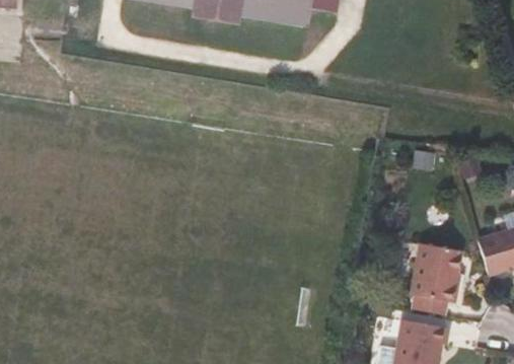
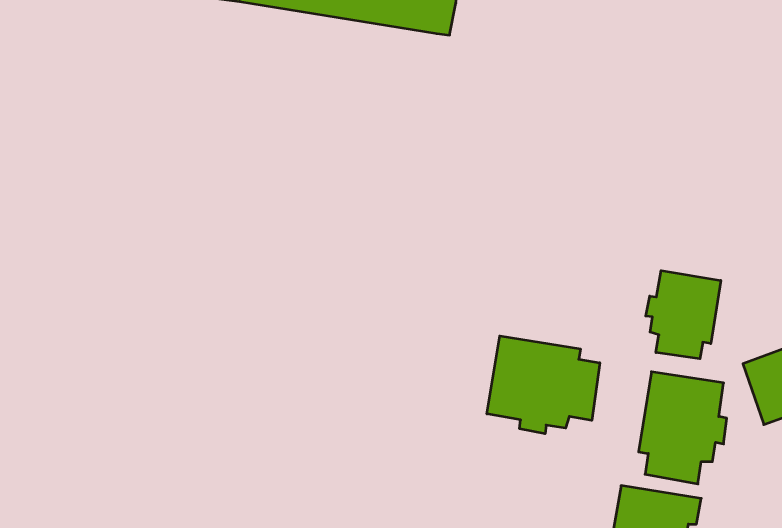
building: none -> [646,271,721,359]
building: none -> [487,336,600,434]

